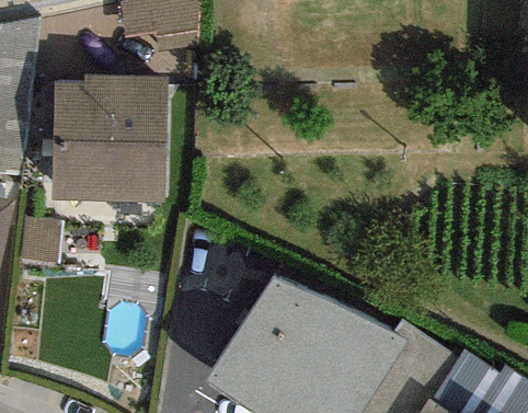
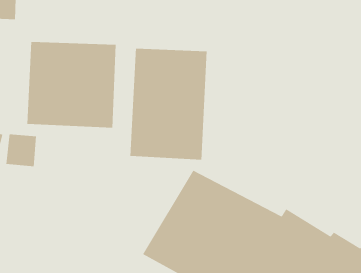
building: none -> [130,48,207,161]

